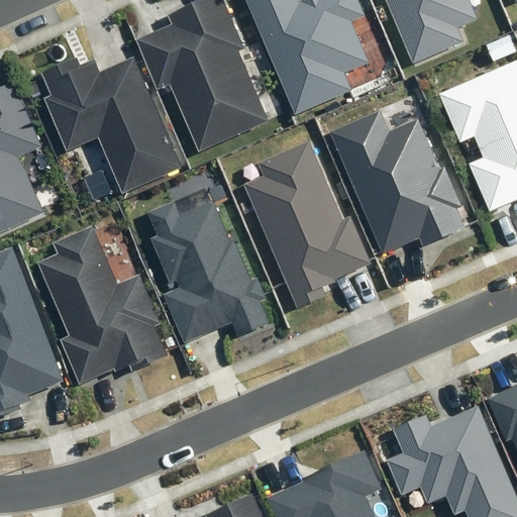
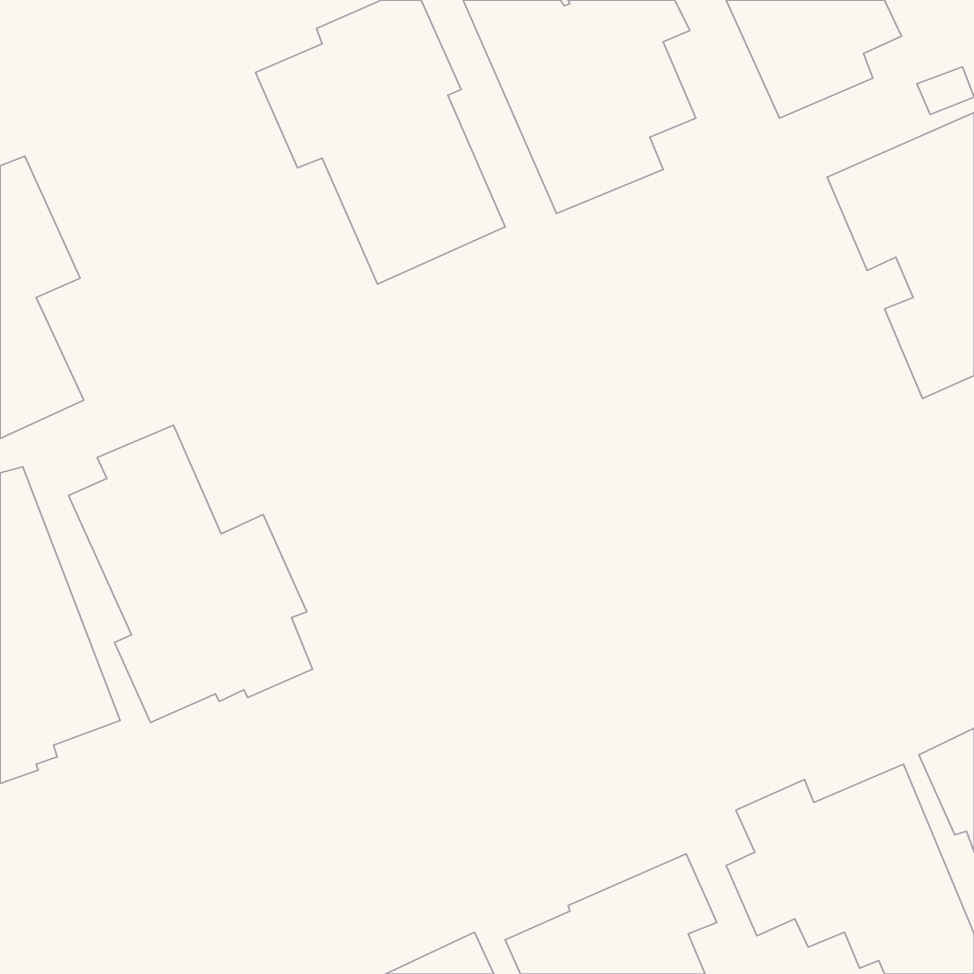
building: [41,58,181,192] -> none
building: [329,110,464,254] -> none
building: [242,140,372,308] -> none
building: [148,202,270,344] -> none

